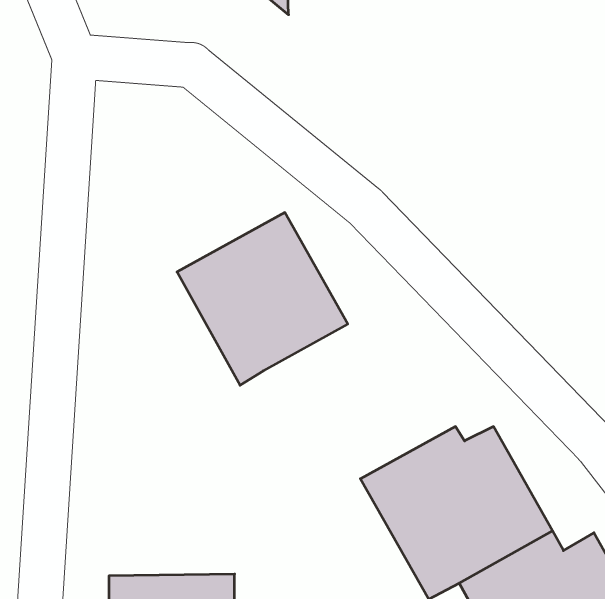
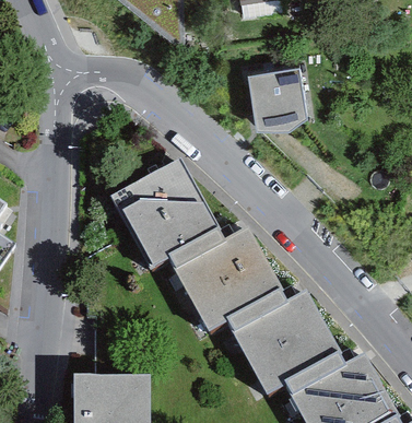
building: none -> [246,67,305,130]
building: none -> [167,232,284,337]

